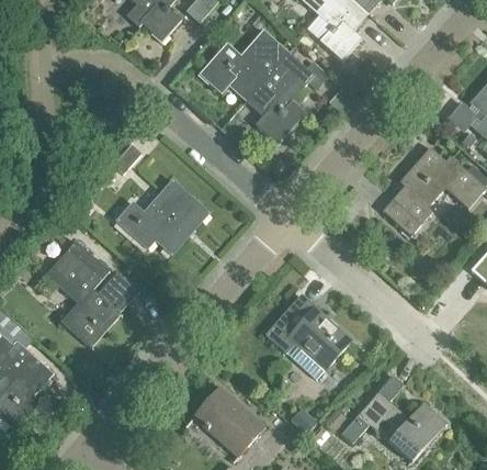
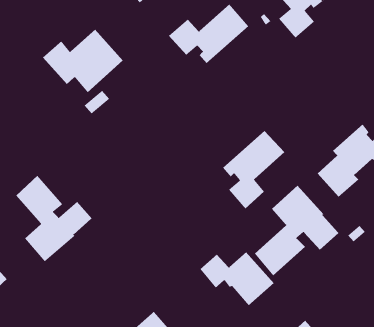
building: [246,52,315,144] -> [222,130,285,210]
building: [116,180,208,254] -> [42,29,123,93]
building: none -> [254,185,339,276]

